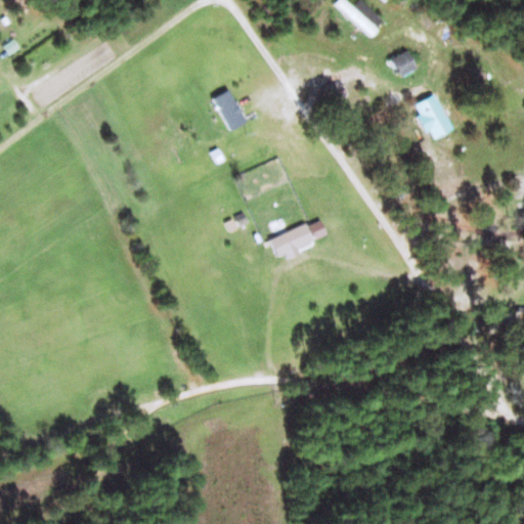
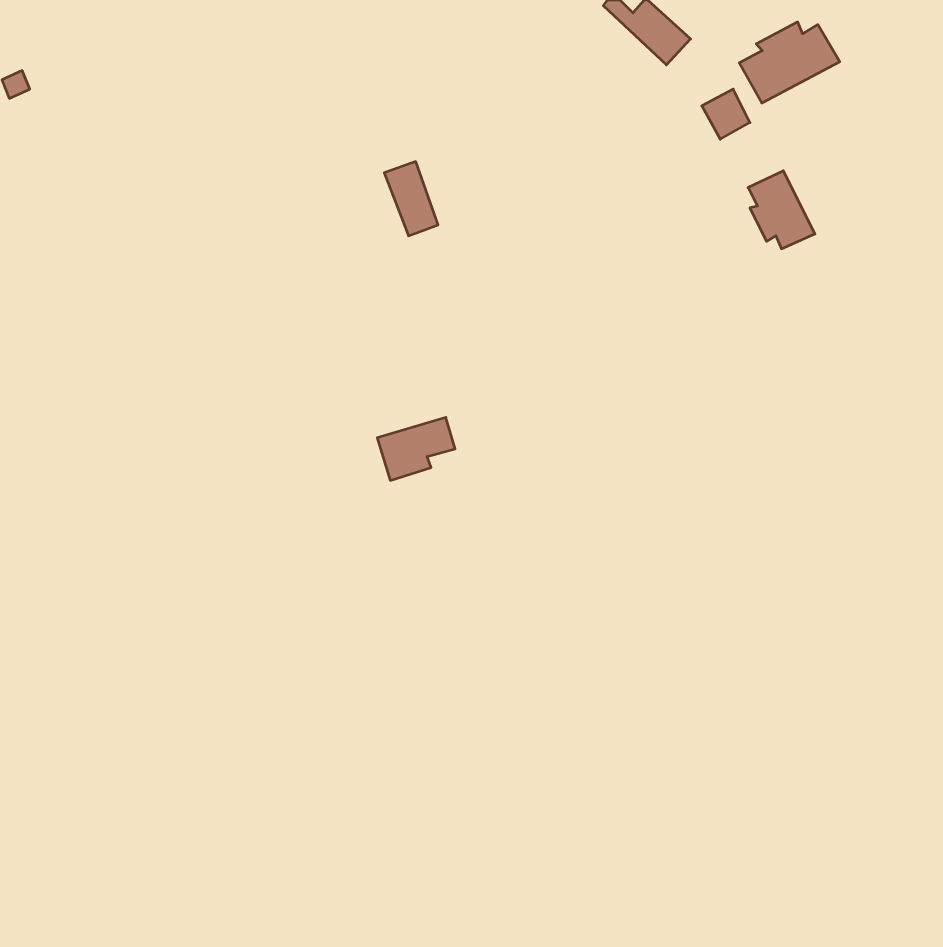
building: none -> [739,22,840,103]
building: [271,225,314,260] -> [377,417,455,480]

